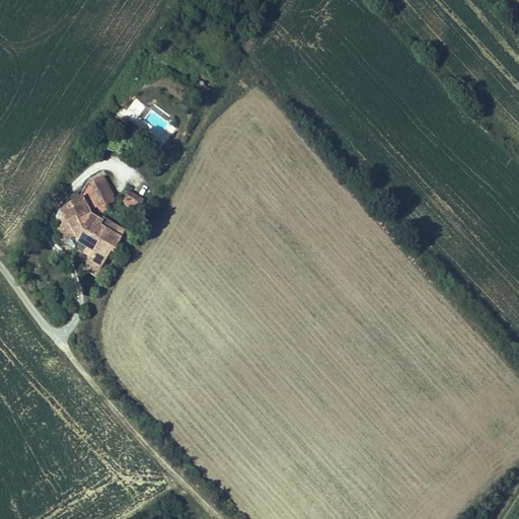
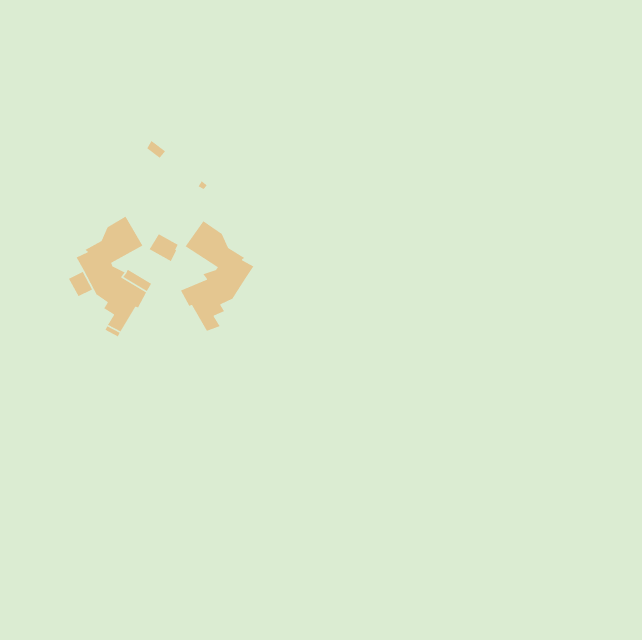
building: none -> [180,220,254,332]

